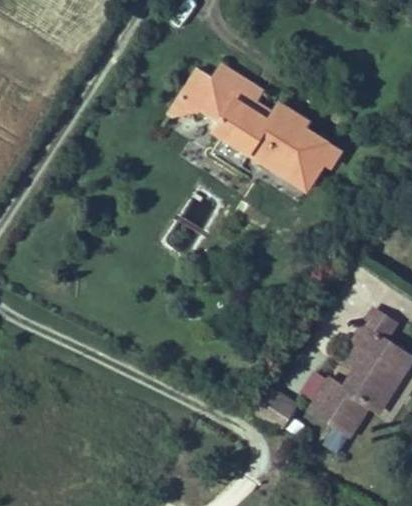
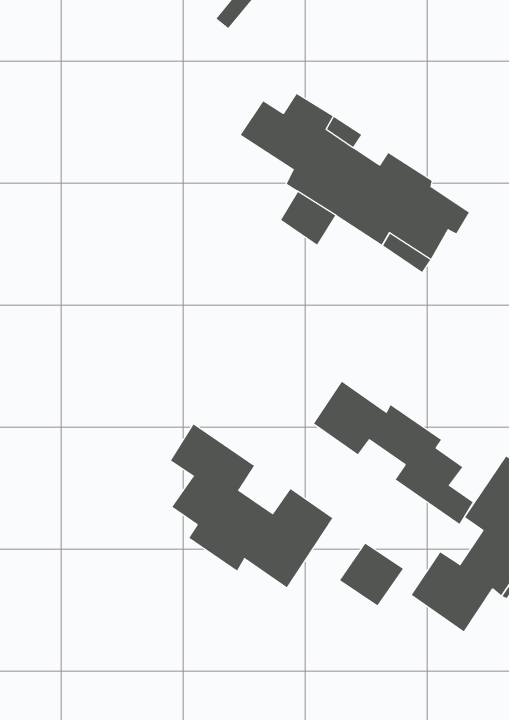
building: none -> [313,381,474,525]
building: none -> [170,424,333,588]

